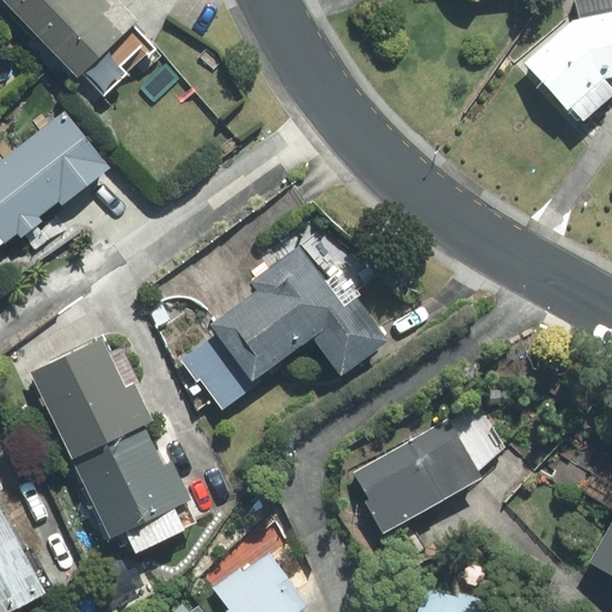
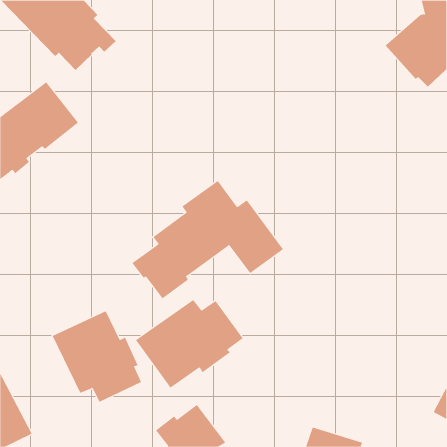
building: [30,336,152,459] -> none
building: [353,404,503,533] -> none
building: none -> [135,299,243,389]

